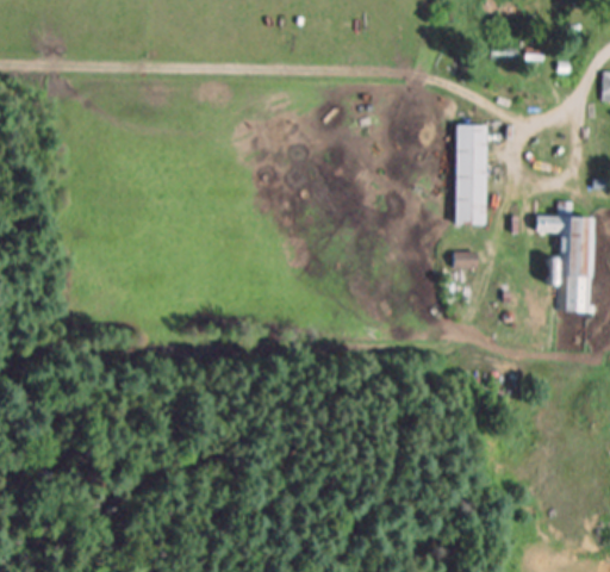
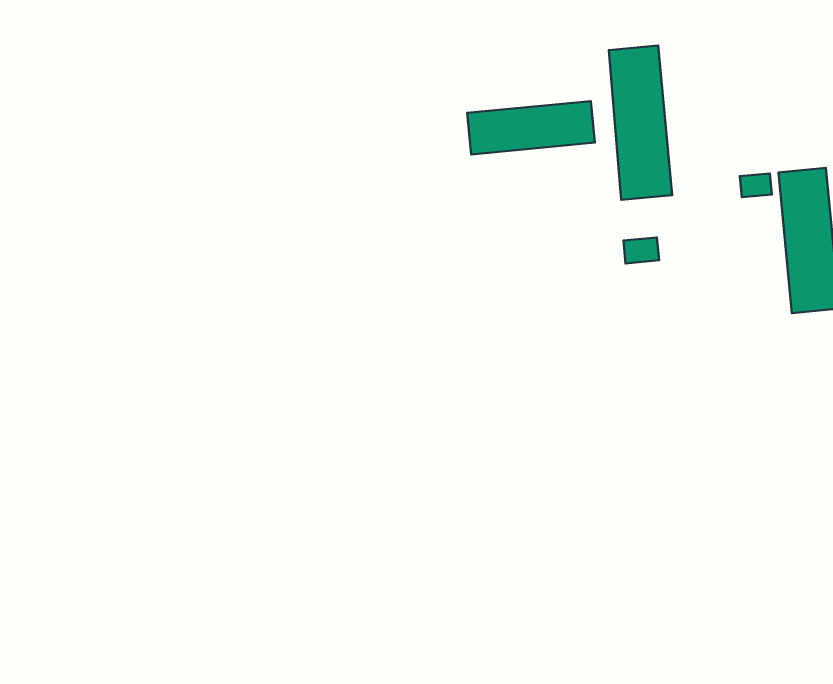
building: none -> [467,101,595,154]

